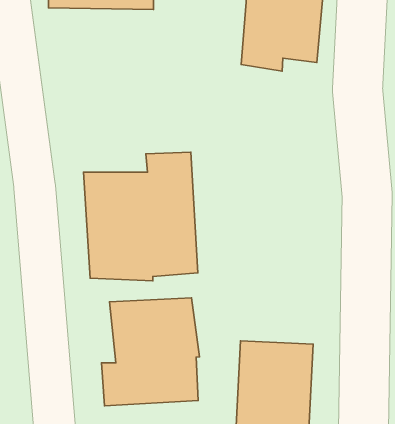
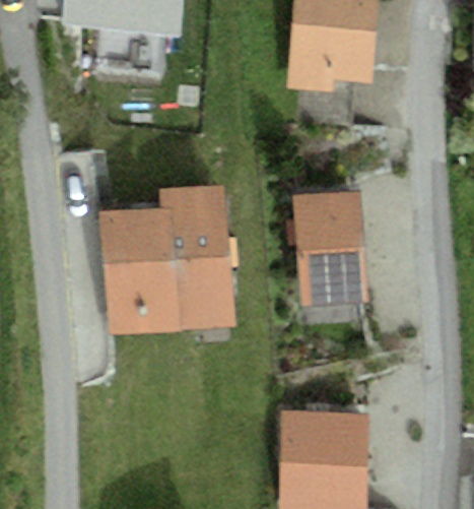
building: none -> [296,198,366,301]
building: [102,298,200,406] -> none

